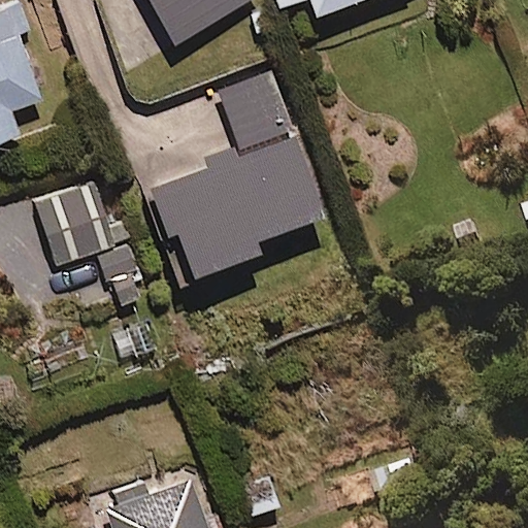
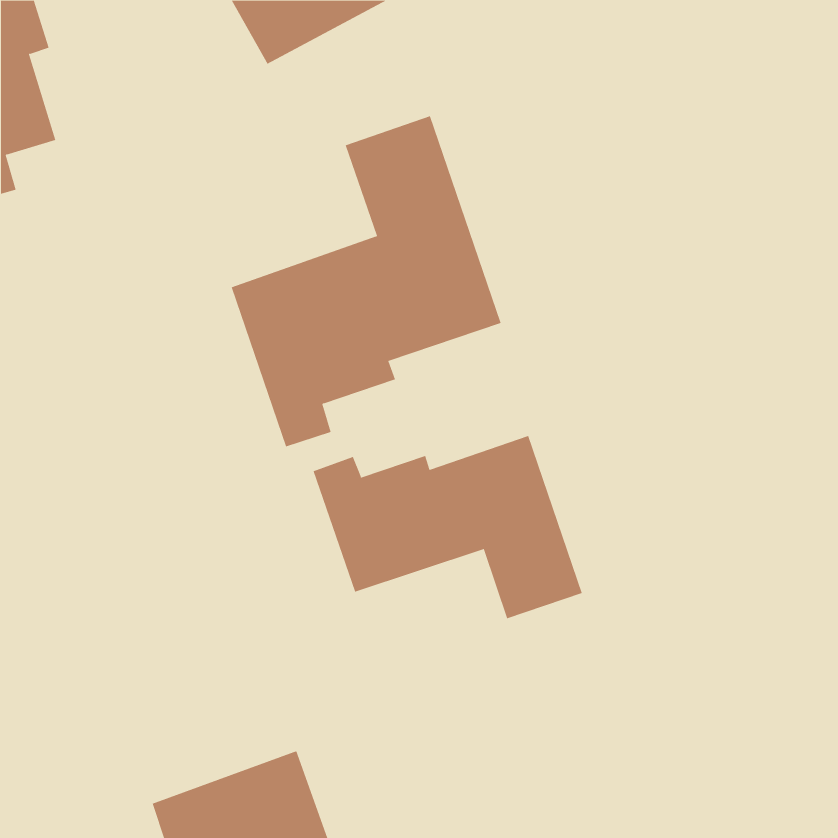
building: [37,185,142,304] -> none
building: none -> [313,435,583,619]

